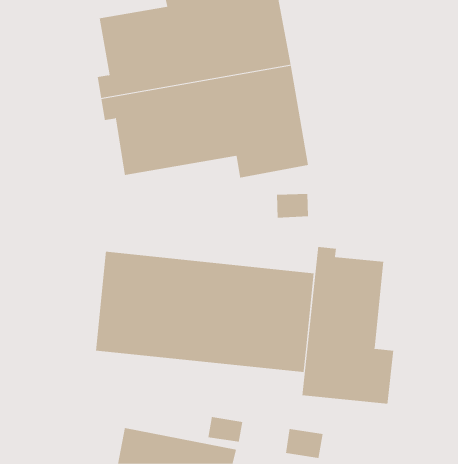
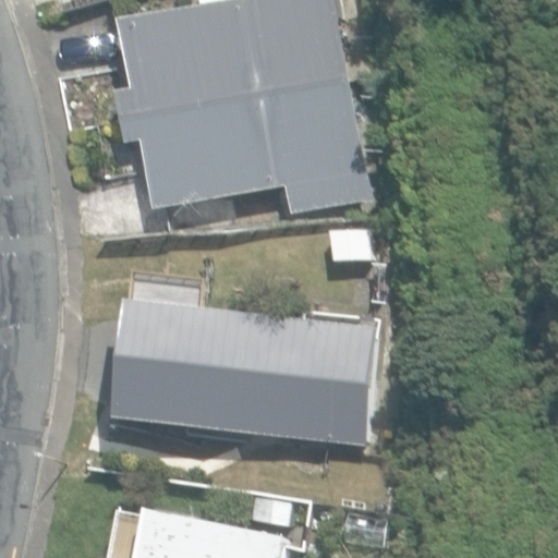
building: [302,246,394,404] -> none

